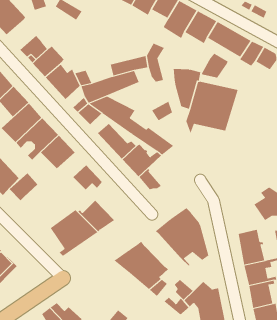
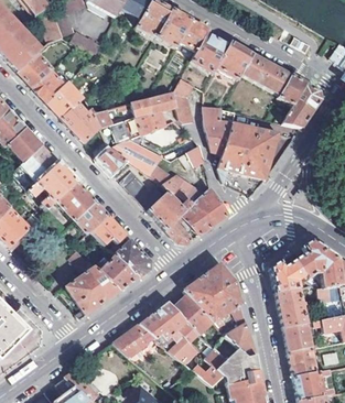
building: none -> [18,52,52,86]
building: [201,53,229,78] -> [282,99,313,128]
building: none -> [179,187,228,235]
building: [9,173,38,201] -> [74,201,107,233]
building: none -> [116,235,150,277]
building: none -> [271,260,306,293]
building: none -> [173,293,213,333]
building: none -> [226,322,256,355]
building: none -> [114,323,155,357]

